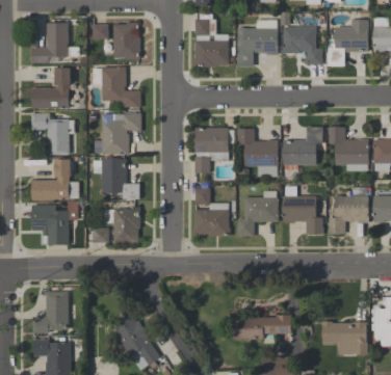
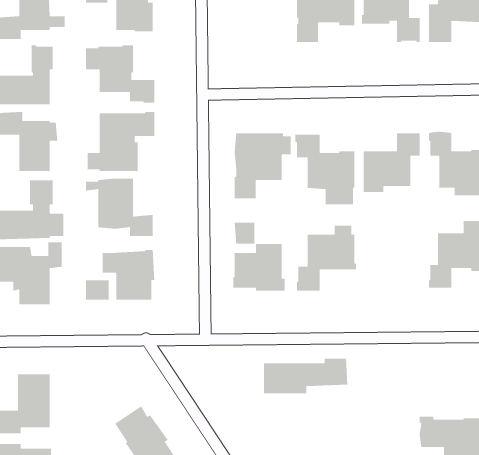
building: [193,41,229,66] -> none
building: [282,186,323,234] -> none
building: [233,314,291,339] -> [263,358,348,394]

